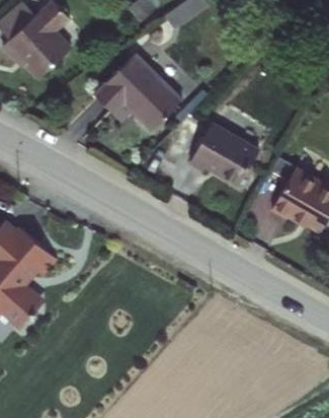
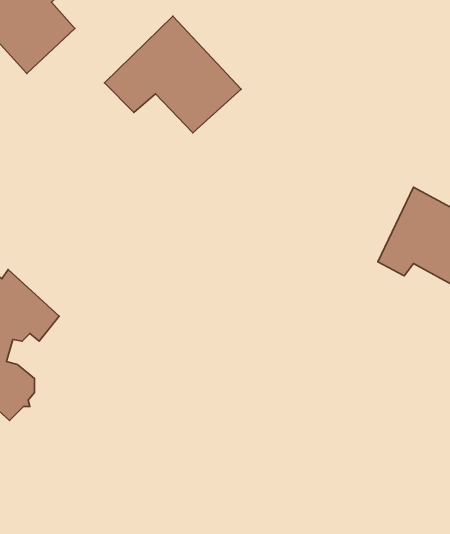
building: [183,119,257,180] -> none

